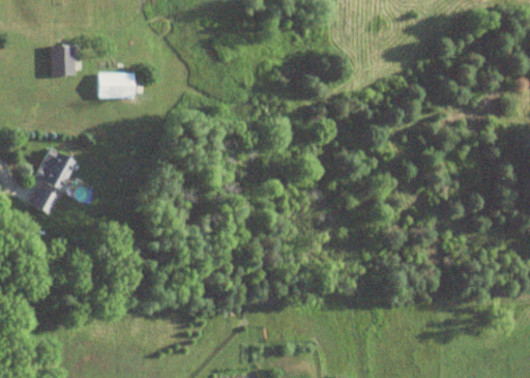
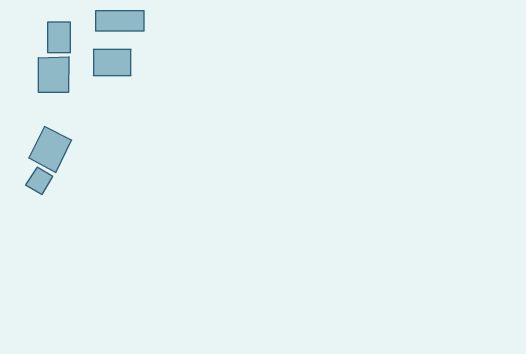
building: none -> [96,11,144,31]
building: none -> [38,57,69,92]

